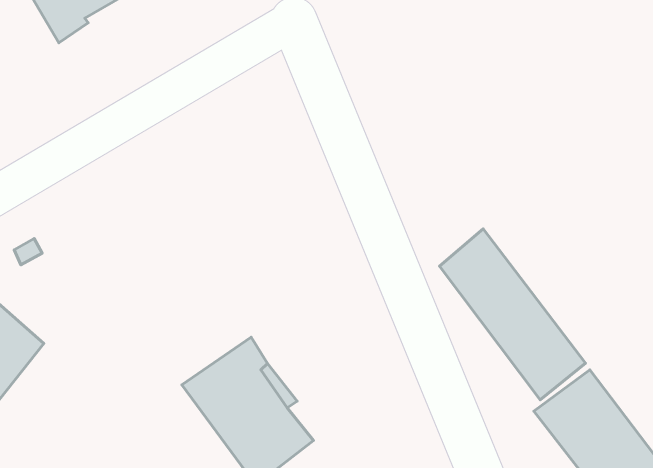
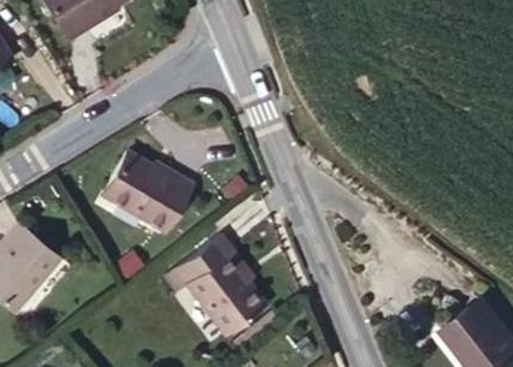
building: none -> [101,150,197,237]
building: [440,229,586,400] -> none

